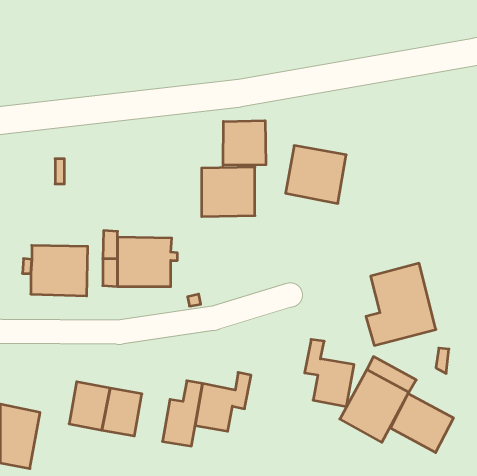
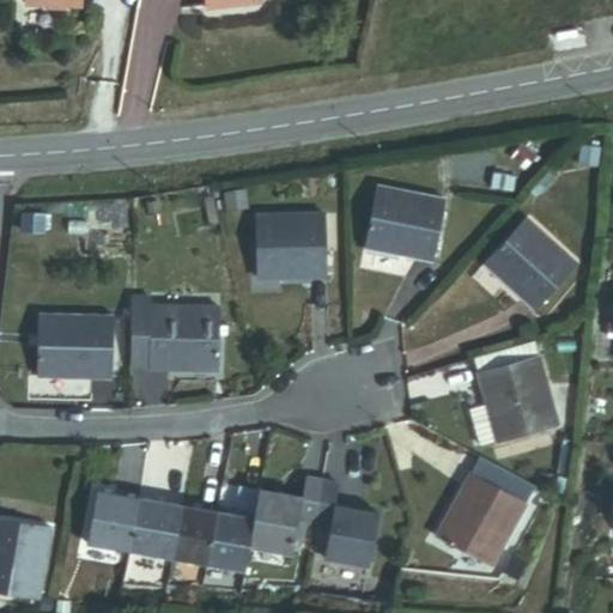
building: [223,121,266,165] -> none
building: none -> [484,218,577,310]
building: [305,339,354,407] -> [314,481,377,568]
building: [390,393,453,453] -> none
building: none -> [172,505,218,566]

